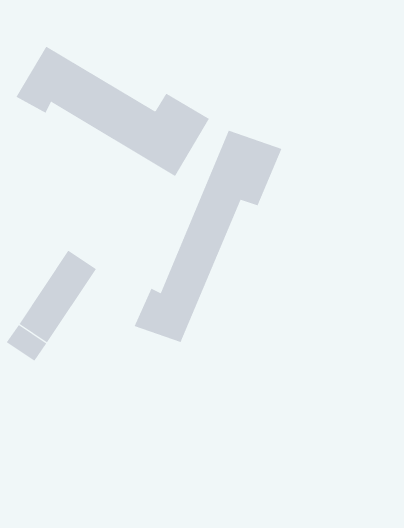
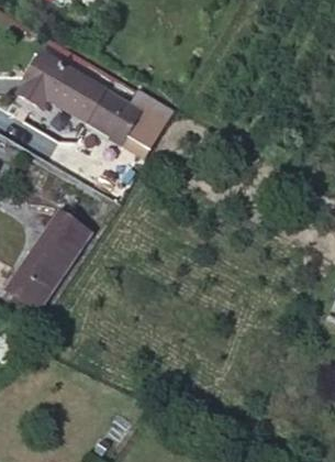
building: [134,130,282,343] -> none

